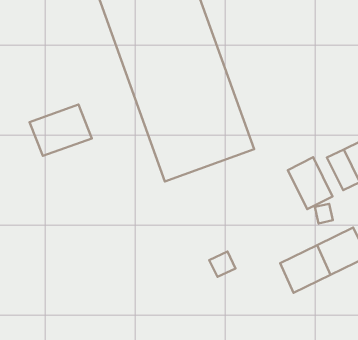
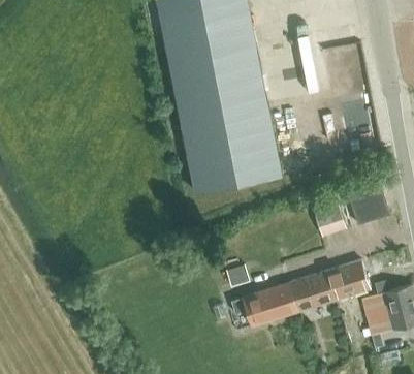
building: [30,105,92,156] -> none
building: none -> [231,283,298,325]

